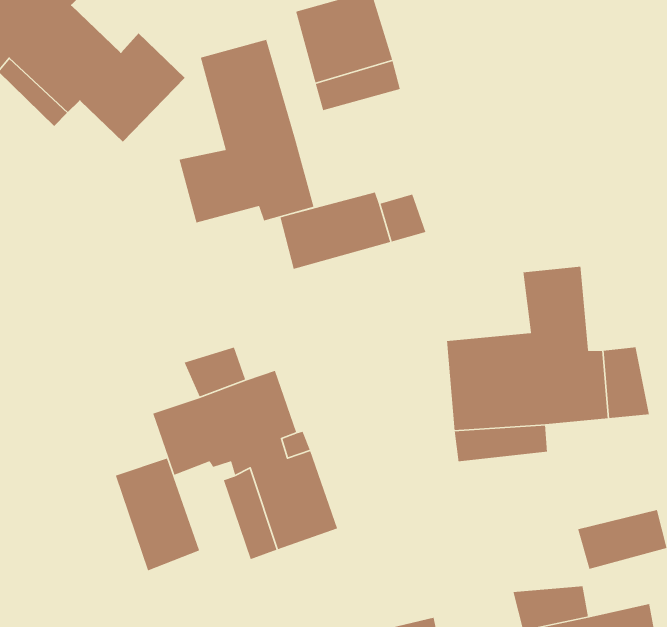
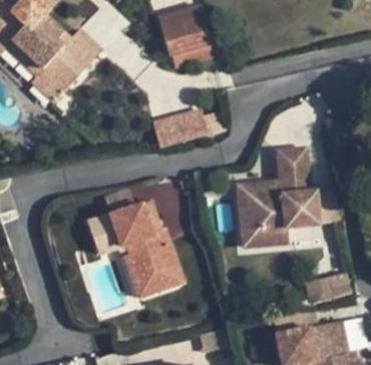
building: [179,39,314,223] -> none
building: none -> [31,62,71,101]
building: [115,458,200,571] -> none

